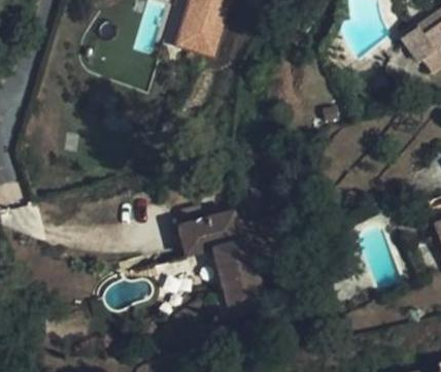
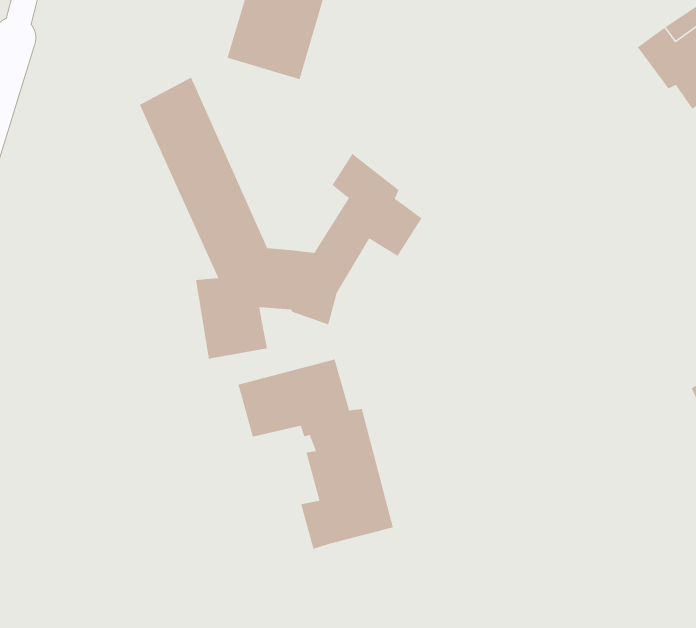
building: none -> [139,77,422,359]

